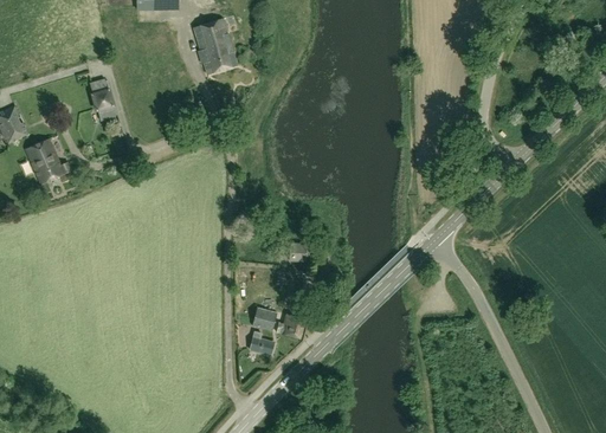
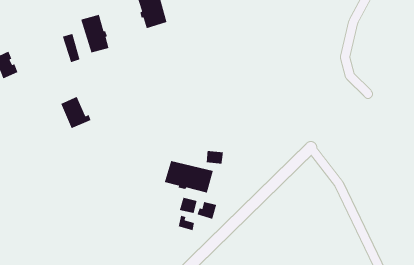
building: none -> [80,14,110,53]
building: [25,137,69,183] -> [60,96,92,129]
building: none -> [164,160,214,194]

